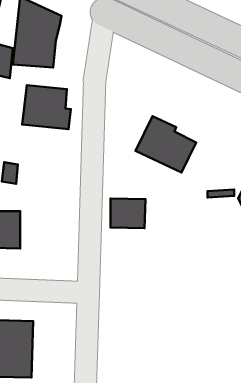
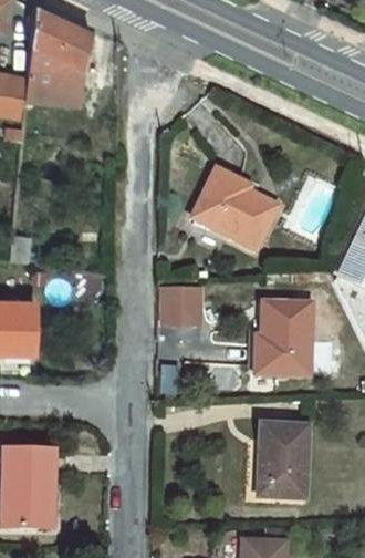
building: [22,85,71,129] -> none
building: none -> [255,302,311,379]
building: none -> [260,424,309,498]

